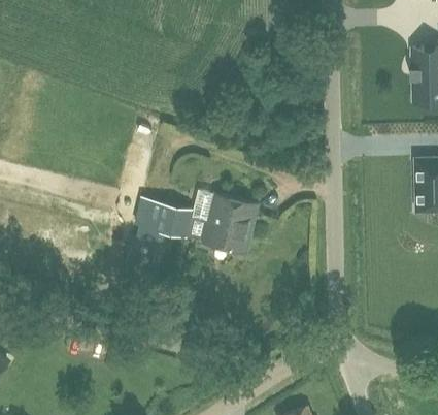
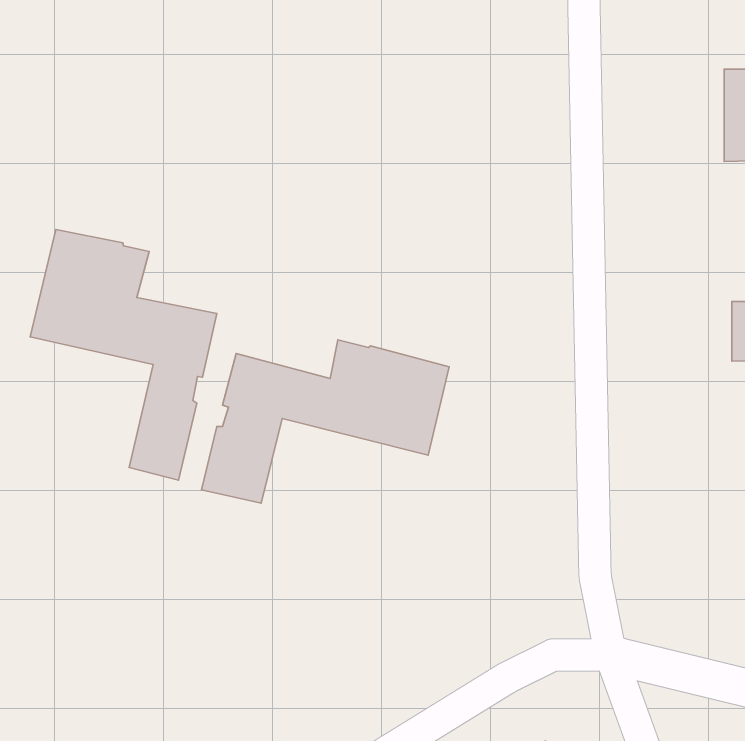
building: none -> [30,229,217,480]

